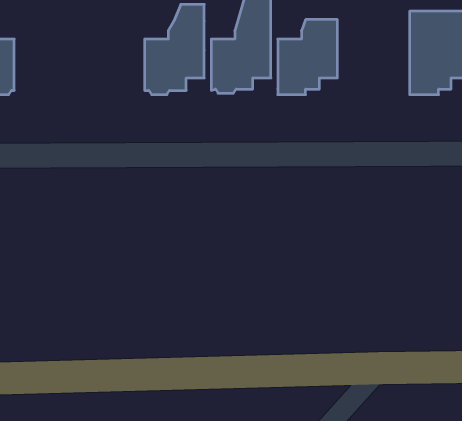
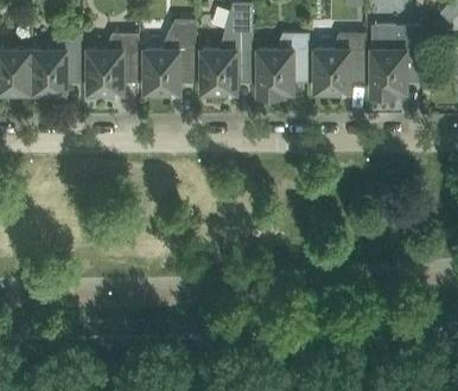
building: none -> [313,33,364,96]
building: none -> [31,34,81,97]
building: none -> [85,34,136,97]

